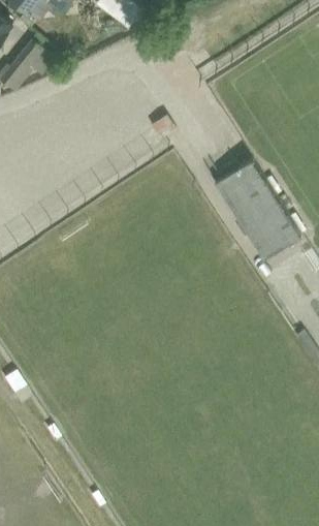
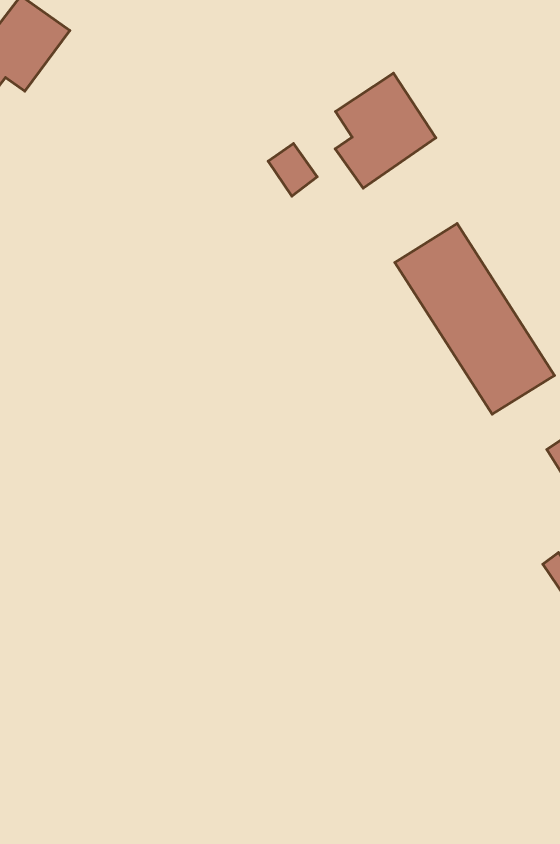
building: none -> [335,73,436,188]

